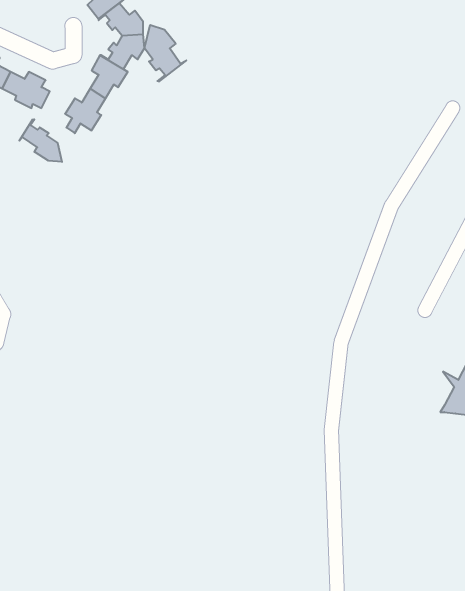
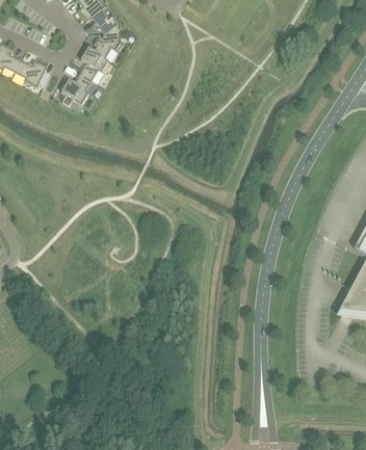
building: [145,25,186,82] -> none
building: [19,119,62,162] -> none

